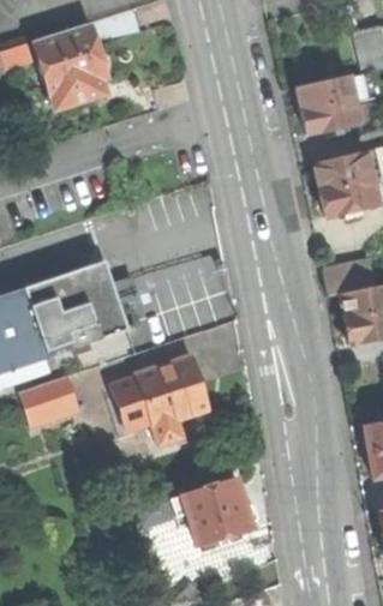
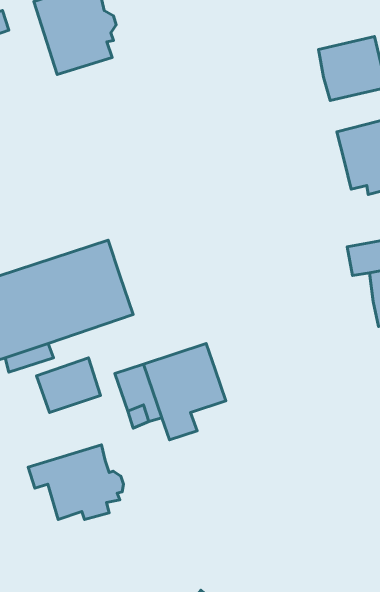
building: [170,480,258,548] -> [28,445,124,519]

